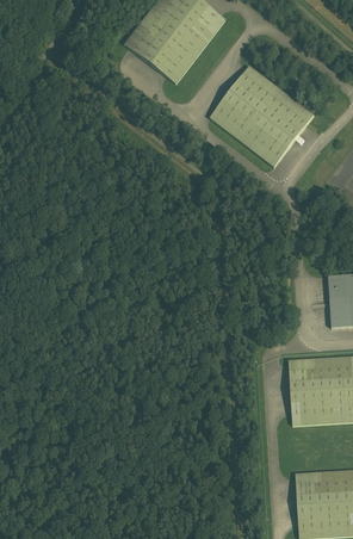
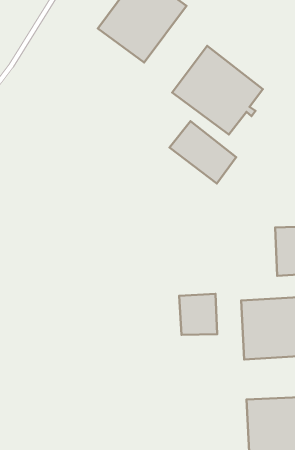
building: none -> [169,121,236,183]
building: none -> [179,294,217,335]

